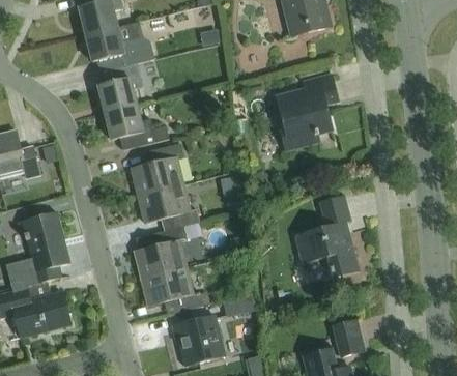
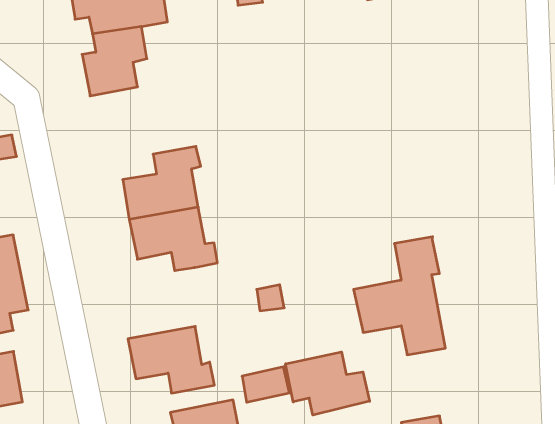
building: [277,74,337,150] -> none
building: [105,106,167,150] -> none
building: [135,227,187,279] -> none
building: none -> [286,352,370,415]

